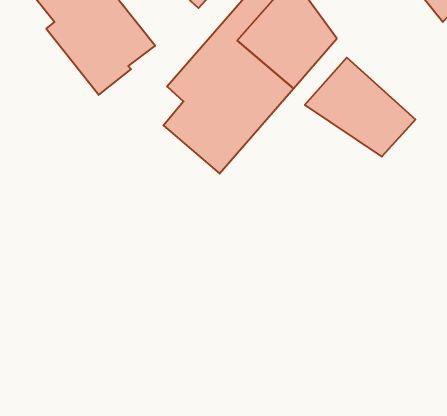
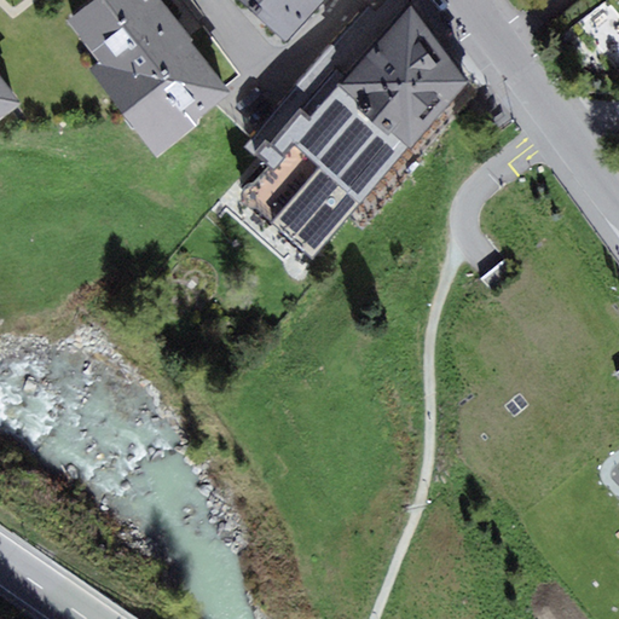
building: [305,58,415,157] -> none

